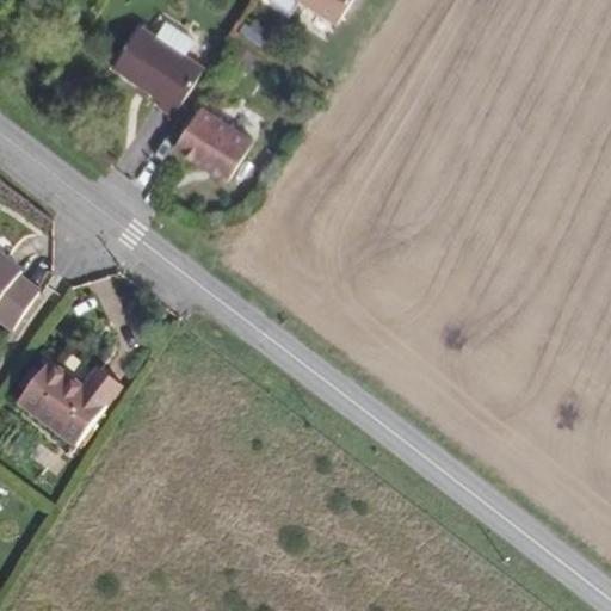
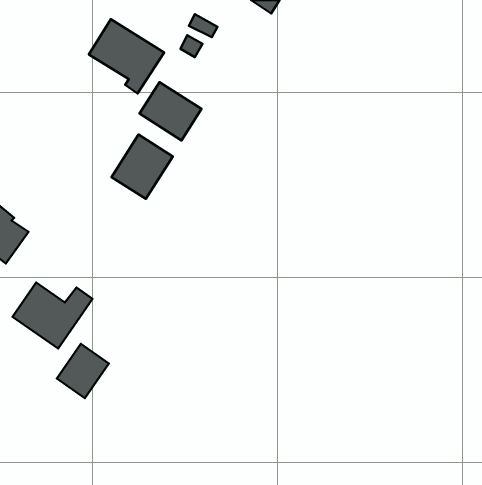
building: none -> [111,135,173,199]
building: none -> [57,344,109,398]

